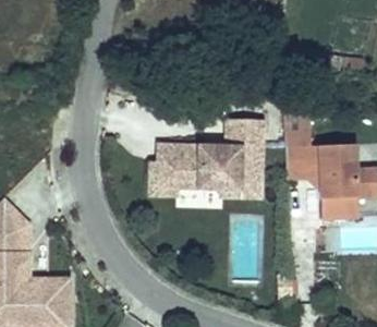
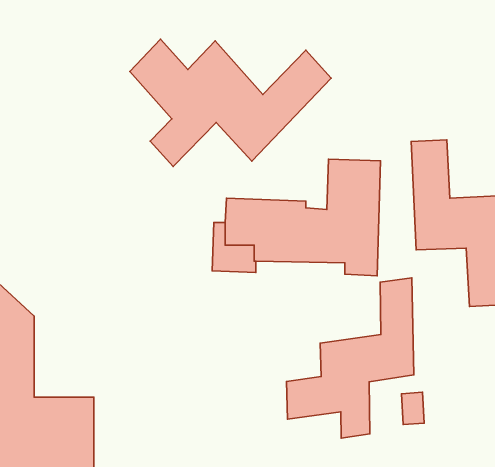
building: none -> [130,39,331,167]
building: none -> [287,278,414,438]

